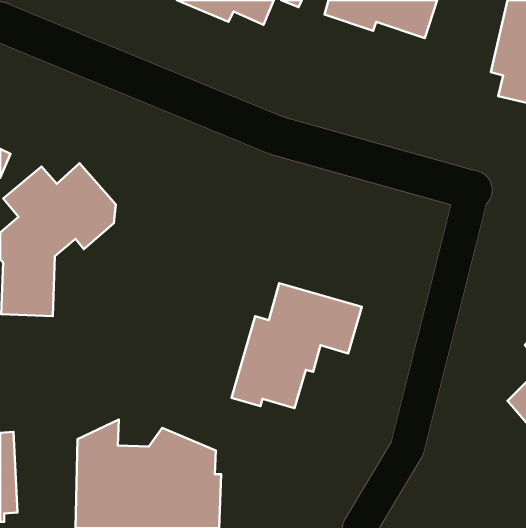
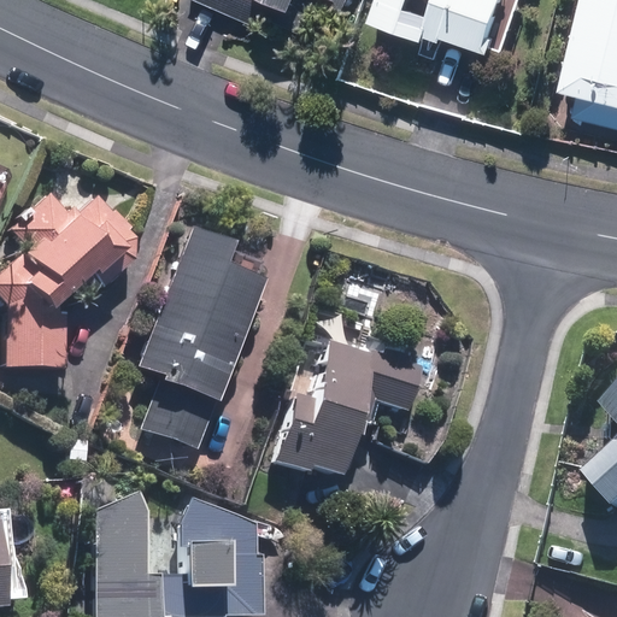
building: none -> [134,221,271,452]

